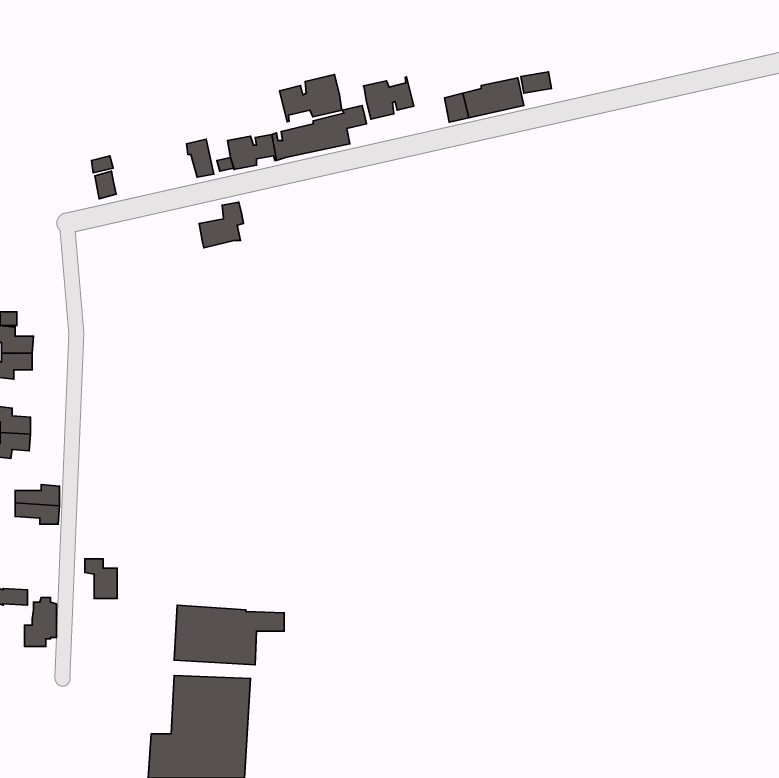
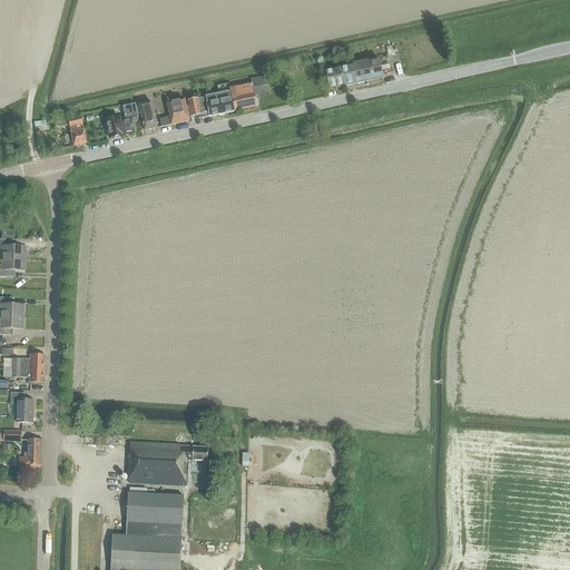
building: [279,75,342,122] -> none
building: [364,77,414,119] -> none
building: [199,202,243,248] -> [105,104,137,137]
building: [85,559,117,599] -> [9,392,32,421]

